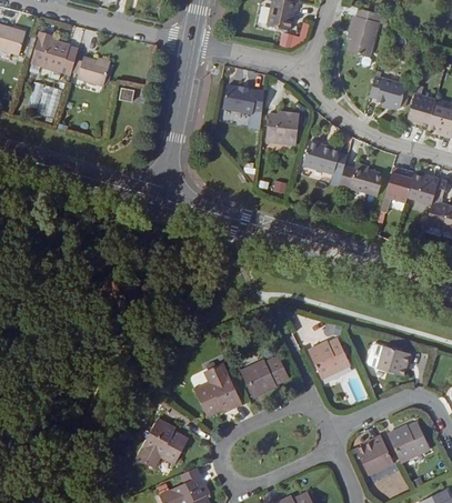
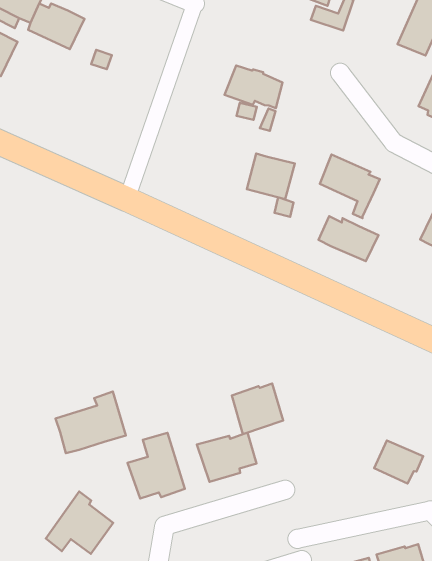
building: [267,111,300,142] -> [247,154,295,199]
building: [340,163,384,193] -> [319,216,378,261]
building: [307,339,348,380] -> [232,384,283,434]
building: none -> [56,392,126,453]

